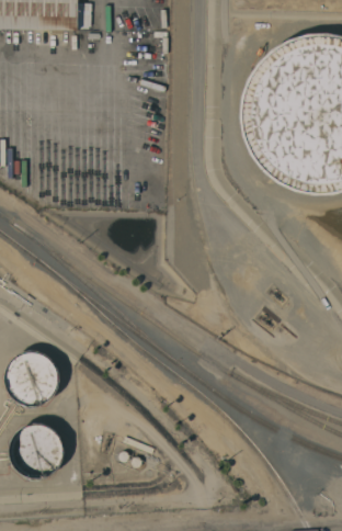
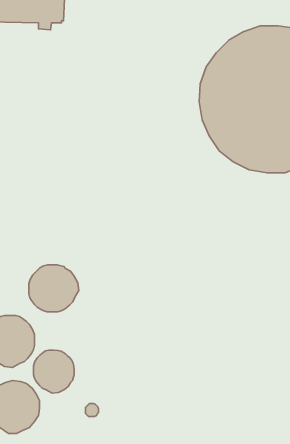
building: none -> [29,265,79,312]
building: none -> [33,350,74,393]

